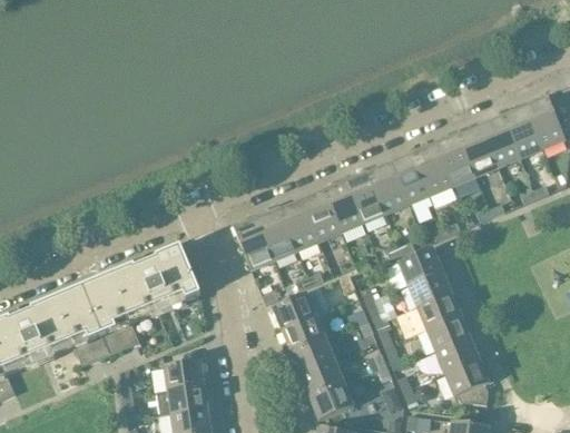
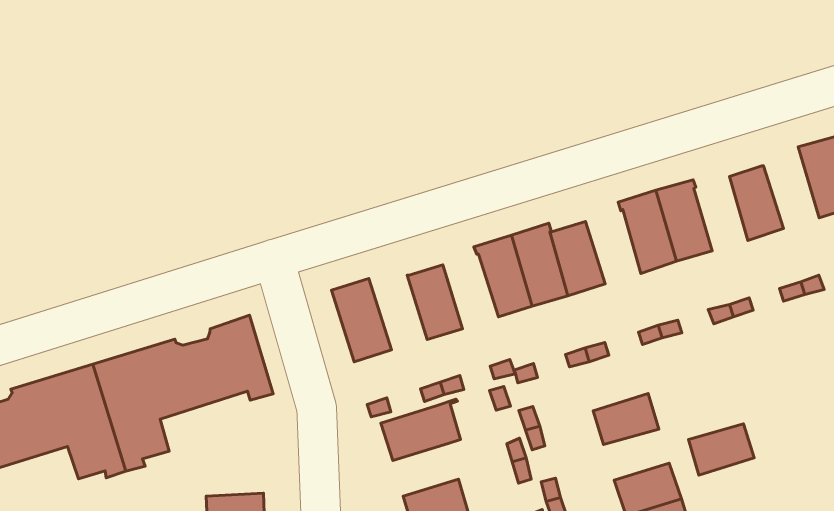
building: [500,105,541,158] -> none
building: [459,128,497,177] -> none
building: [391,156,430,205] -> none
building: [302,194,341,243] -> none
building: [255,207,296,260] -> none
building: [397,249,442,287] -> none
building: [416,295,460,331] -> [688,424,754,475]
building: [282,317,325,354] -> none

